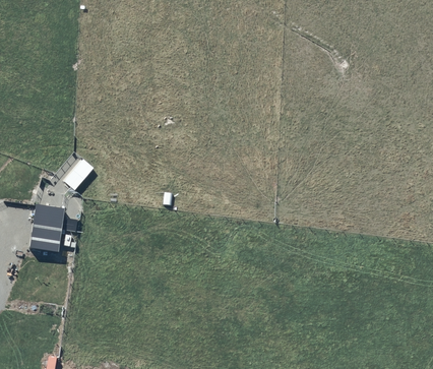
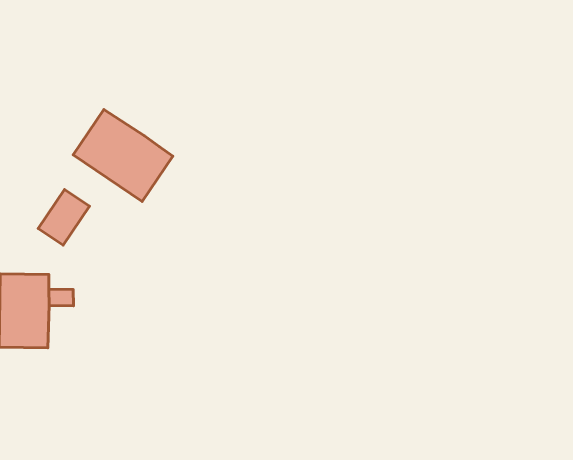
building: none -> [73,110,173,202]

